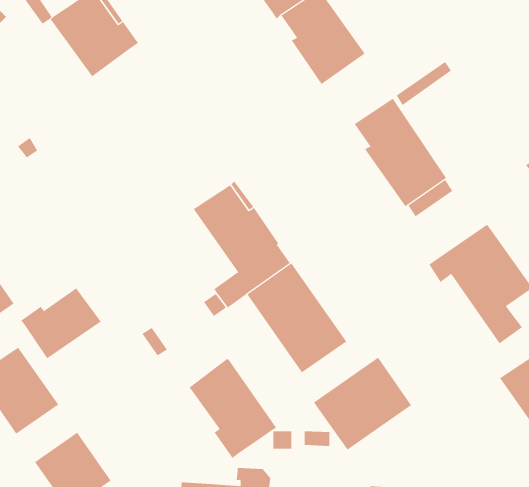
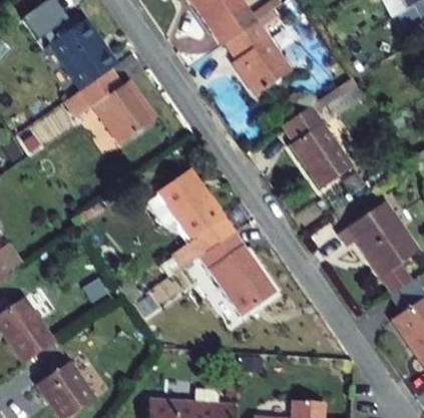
building: none -> [63,66,154,142]
building: [20,287,101,359] -> none
building: [313,357,412,450] -> none
building: [189,358,277,459] -> none

